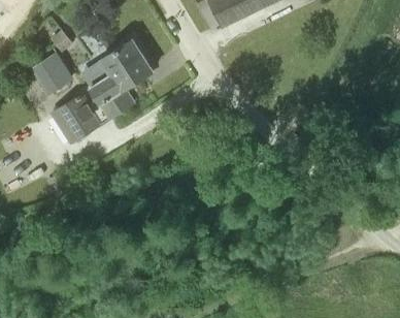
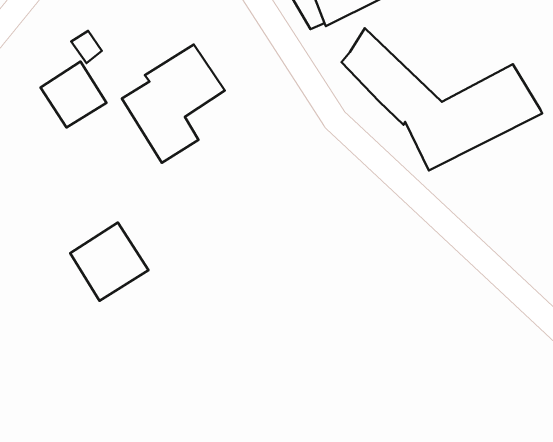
building: none -> [341,28,542,170]
building: [51,91,103,144] -> [70,222,149,301]

